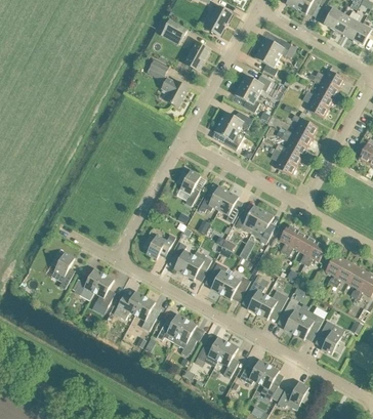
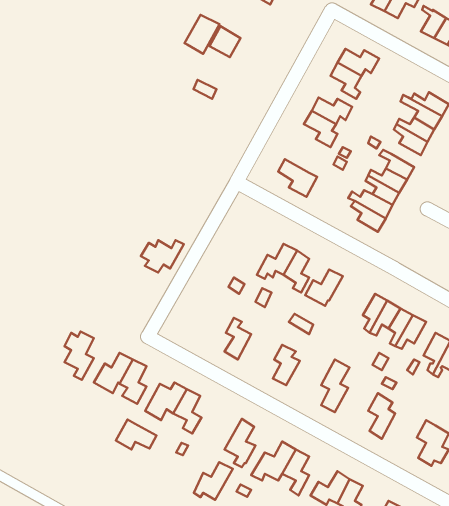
building: [205,6,232,36] -> none
building: [183,42,210,72] -> [184,15,219,54]
building: [161,78,189,108] -> none
building: [219,112,252,132] -> none
building: [176,171,200,206] -> none
building: [250,211,274,244] -> none
building: [142,235,175,259] -> [141,240,184,272]
building: [183,251,211,280] -> none
building: [220,269,250,300] -> none
building: [257,291,288,320] -> none
building: [293,313,324,340] -> none
building: [157,315,186,343] -> [194,462,233,500]
building: none -> [116,419,157,449]

